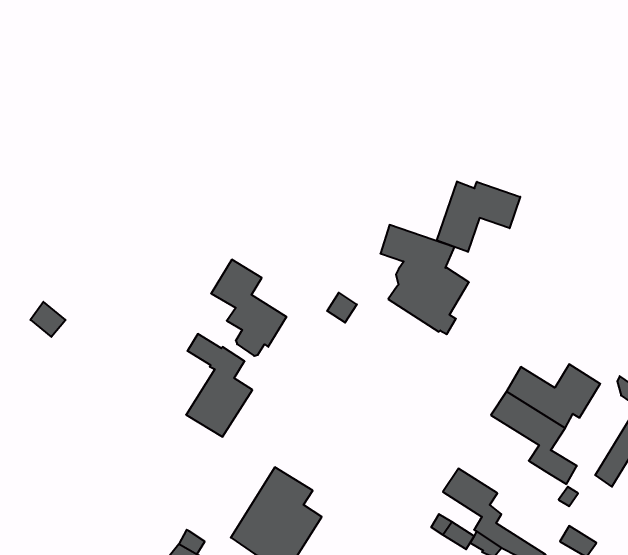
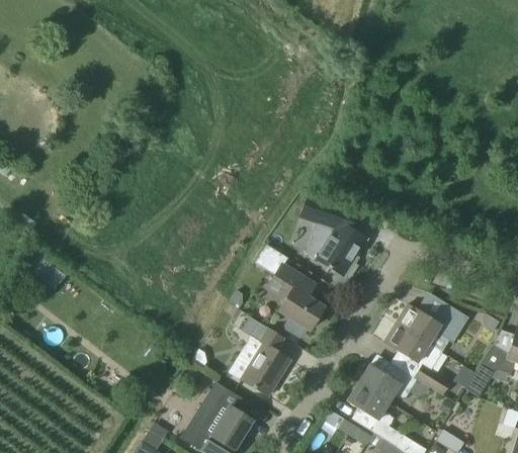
building: [437,181,520,252] -> none
building: [211,260,287,356] -> [266,263,325,338]
building: [186,334,252,437] -> [240,316,291,396]
building: none -> [359,362,417,402]

